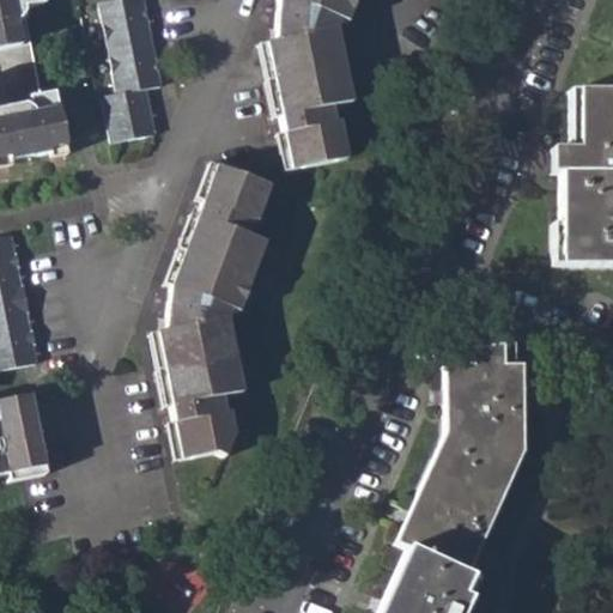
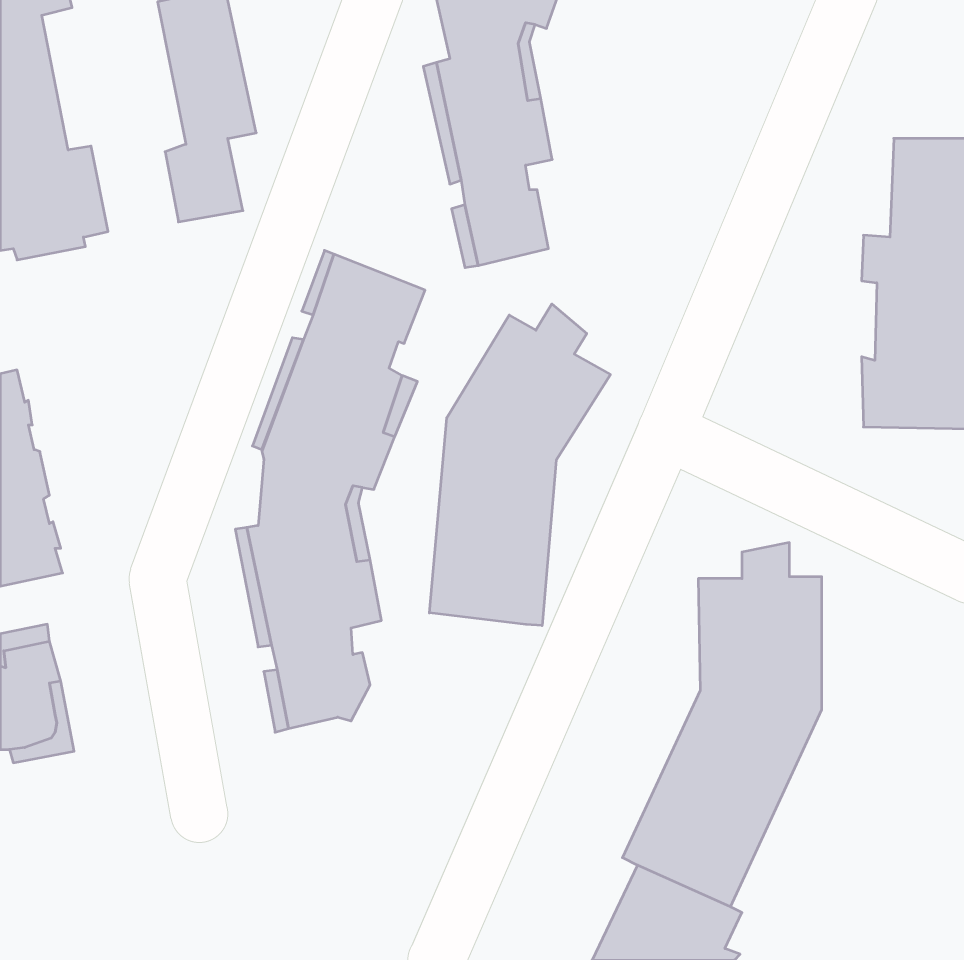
building: none -> [429,304,610,626]

